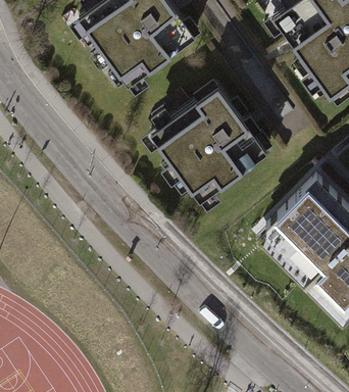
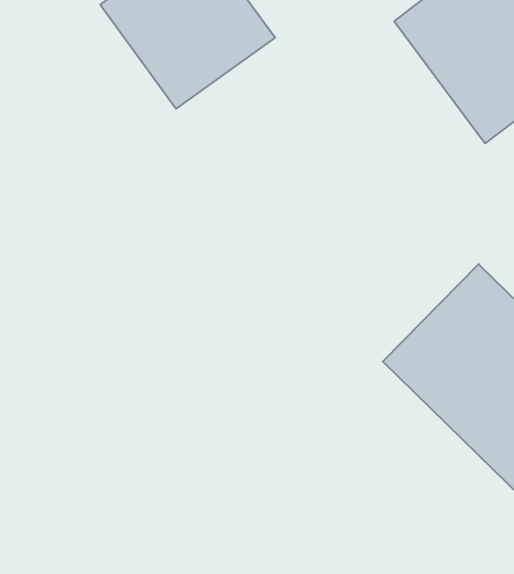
building: [161,86,264,189] -> none

